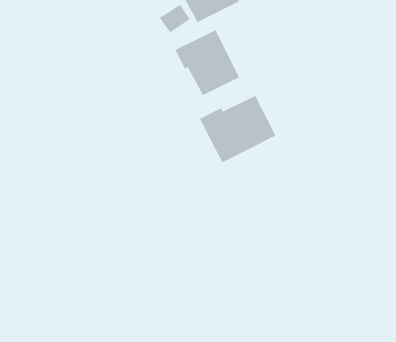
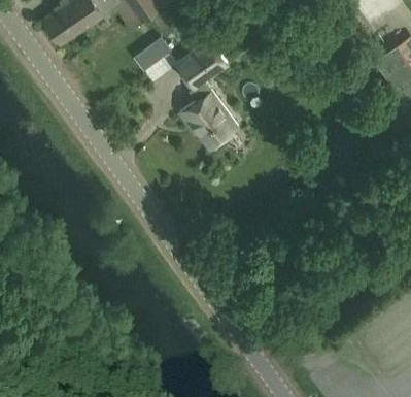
building: [199,95,276,163] -> none

